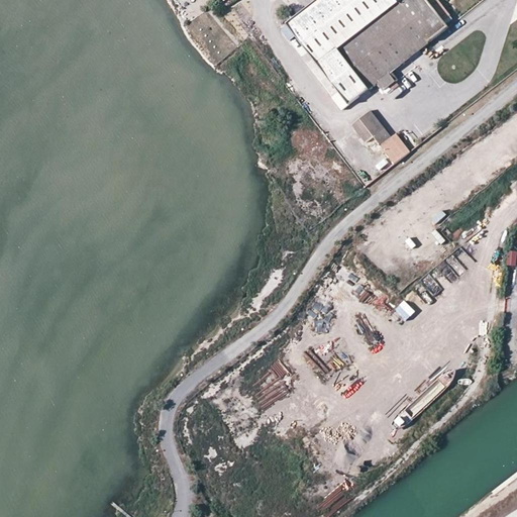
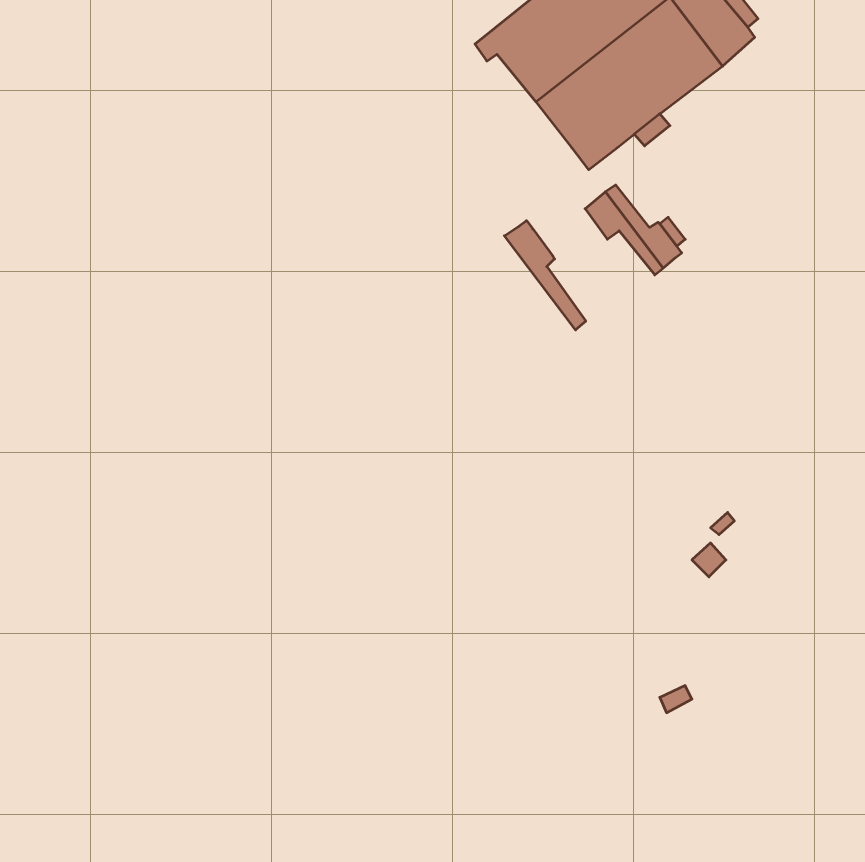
building: none -> [504,221,586,330]

